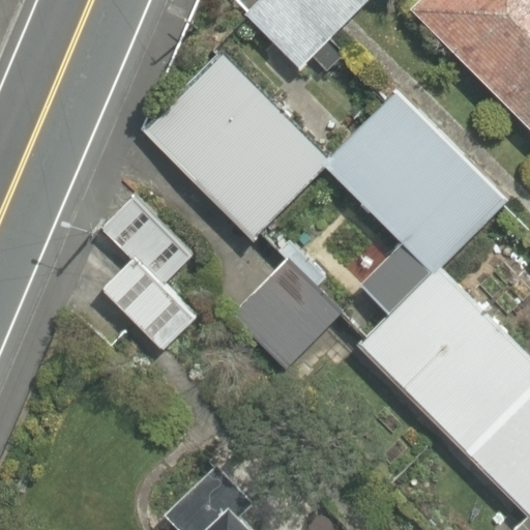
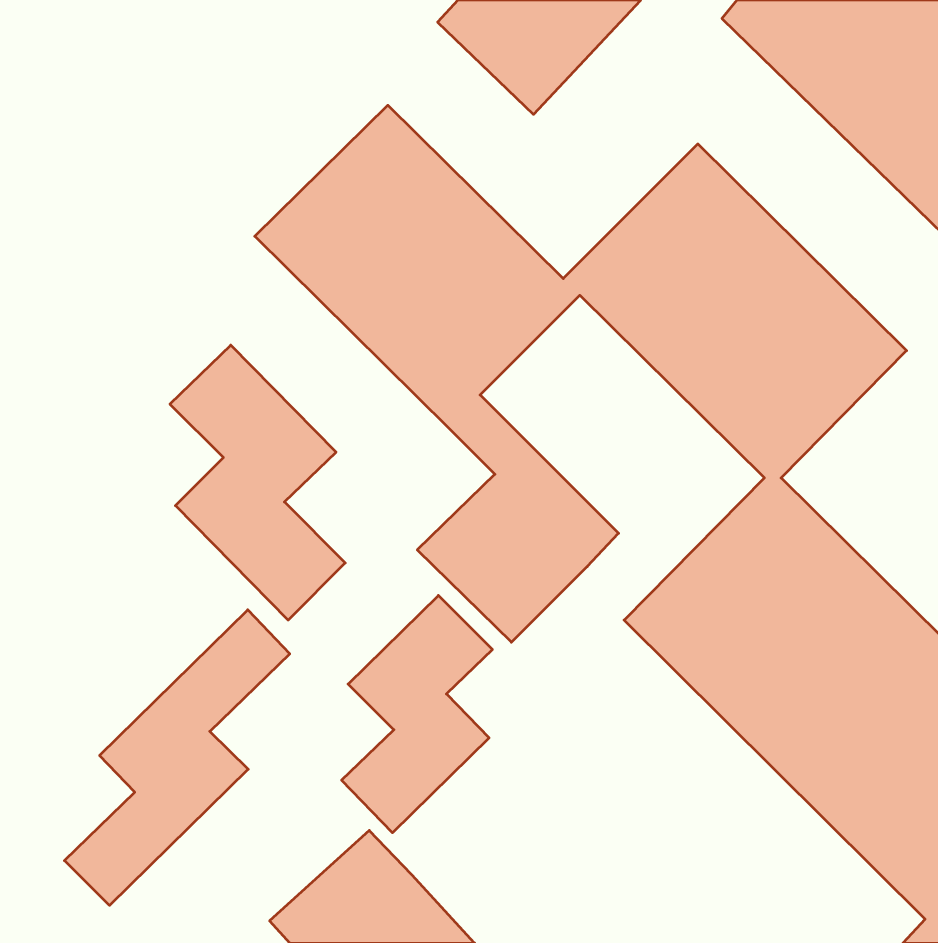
building: none -> [342,595,492,833]
building: none -> [64,610,290,905]

